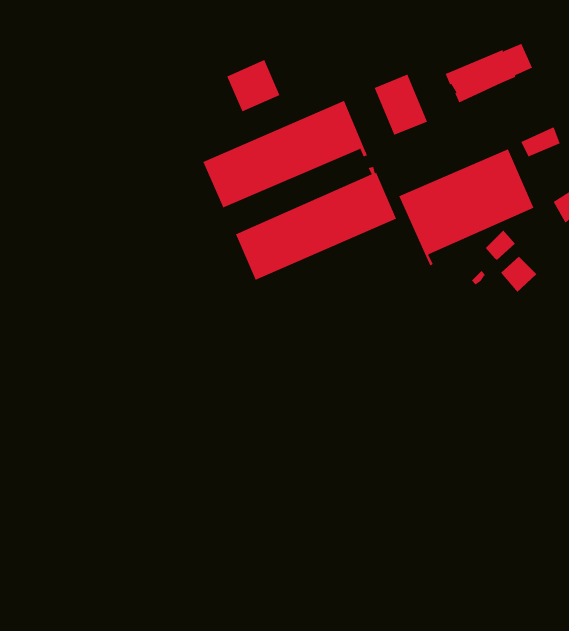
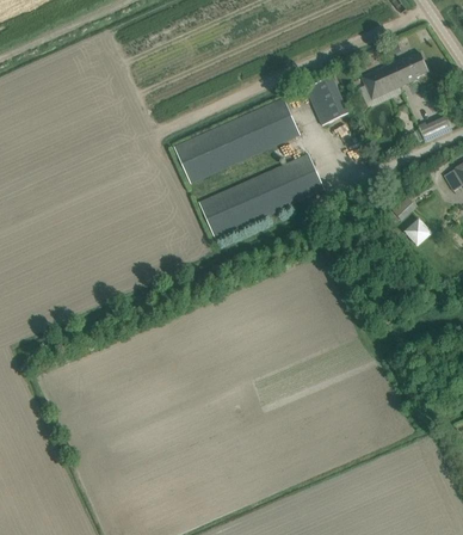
building: [226,59,280,112] -> none
building: [399,149,534,267] -> none

